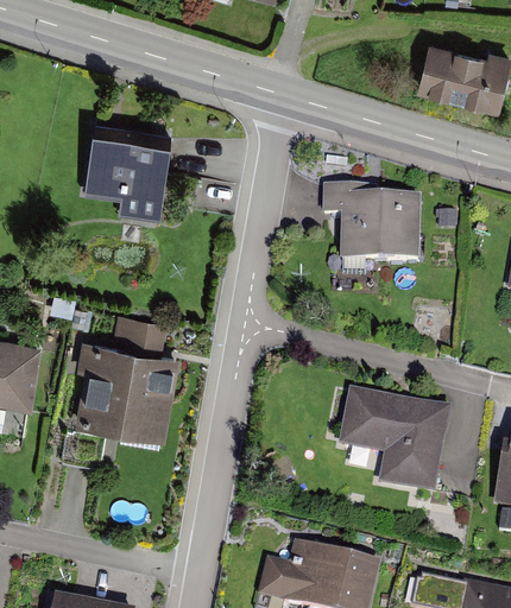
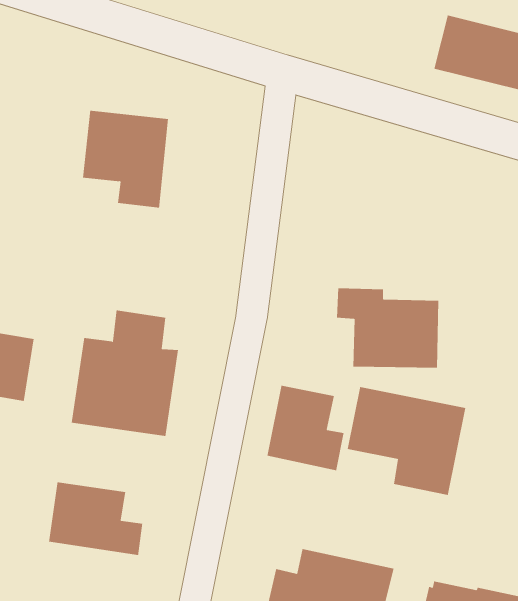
building: [324,185,422,261] -> [336,288,439,368]
building: none -> [267,385,344,471]
building: none -> [49,482,143,556]

